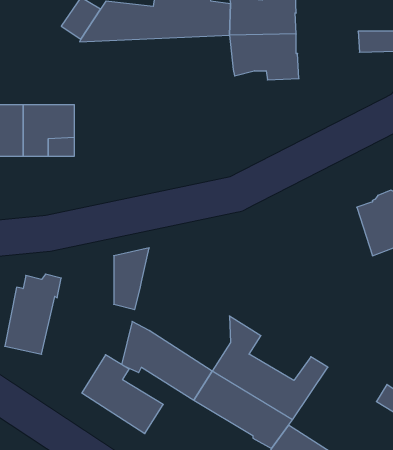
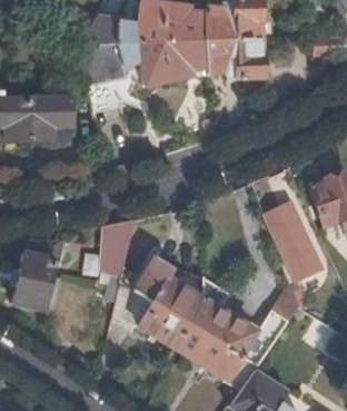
building: none -> [77,39,207,85]
building: none -> [265,203,323,281]
building: [82,355,163,434] -> [136,257,205,324]

